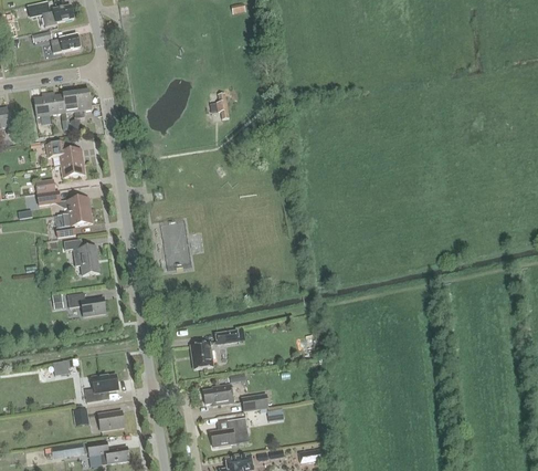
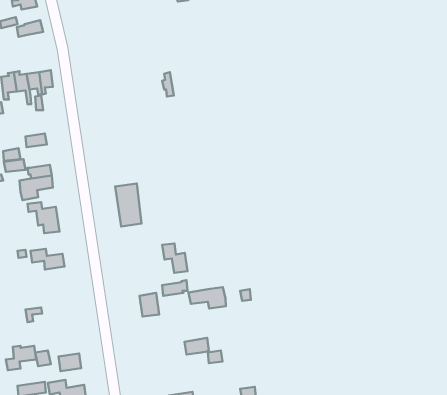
building: [44,140,82,165] -> none
building: none -> [162,243,187,273]
building: none -> [188,287,226,308]
building: [83,374,117,401] -> [6,346,36,370]
building: [201,384,232,405] -> none
building: [209,417,245,447] -> none

